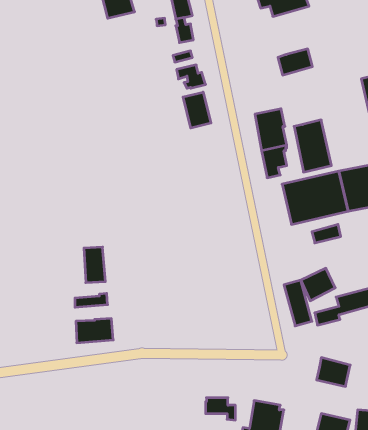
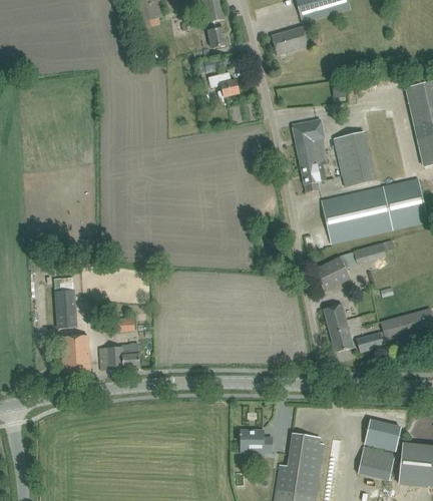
building: [278,49,312,75] -> [272,26,309,54]
building: [183,92,211,128] -> none
building: [84,247,105,283] -> [54,290,77,328]
building: [301,268,335,301] -> [314,256,351,291]
building: none -> [61,335,90,372]
building: [317,358,350,386] -> [365,419,401,450]

